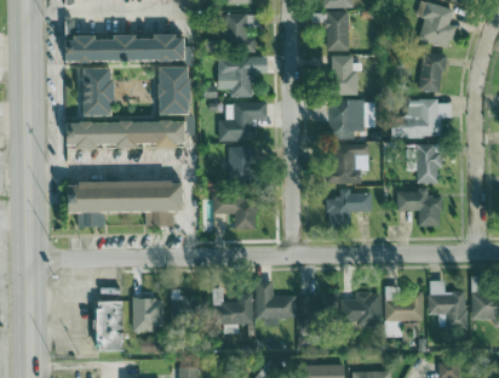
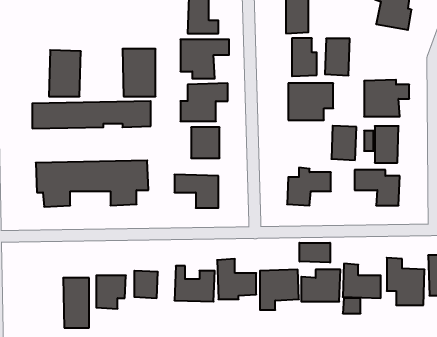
building: [64,35,187,62] -> none
building: [418,53,443,91] -> [325,39,350,75]
building: [332,149,357,184] -> [331,126,356,160]
building: none -> [299,243,330,263]

